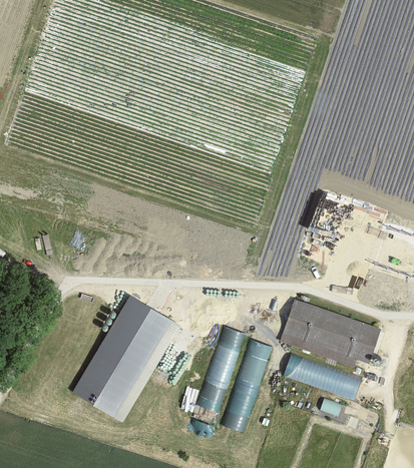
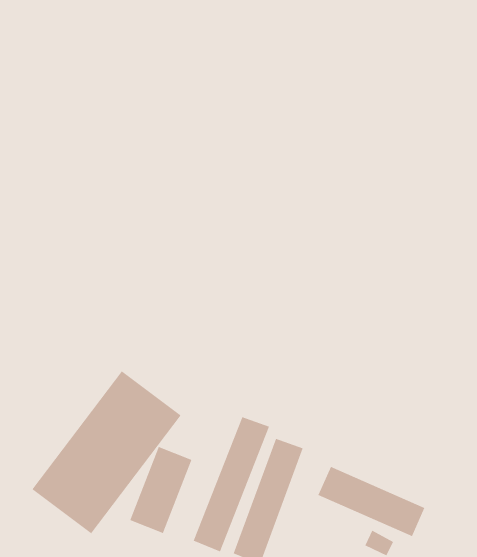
building: [282,301,377,364] -> none
building: none -> [129,446,192,534]

